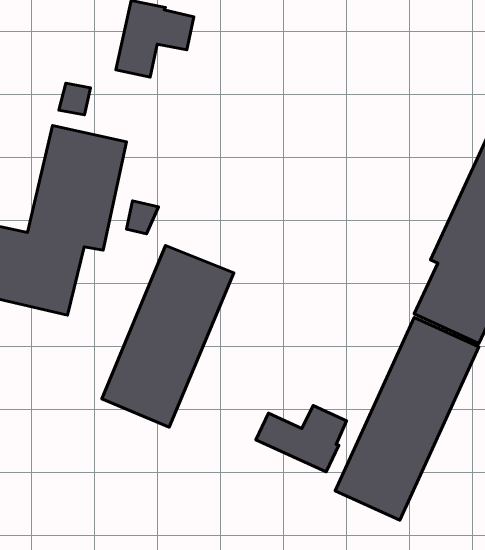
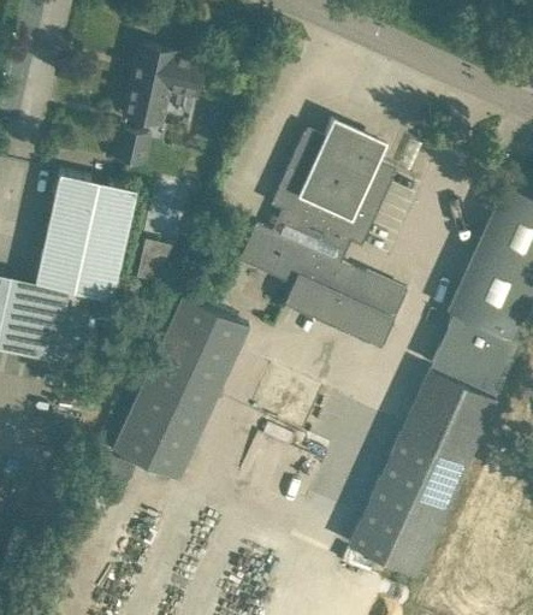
building: none -> [239,123,407,348]
building: [59,83,91,115] -> [116,131,148,164]
building: [256,405,346,472] -> none

